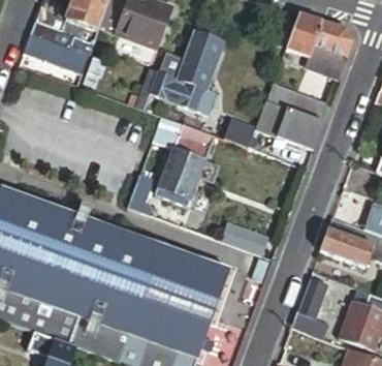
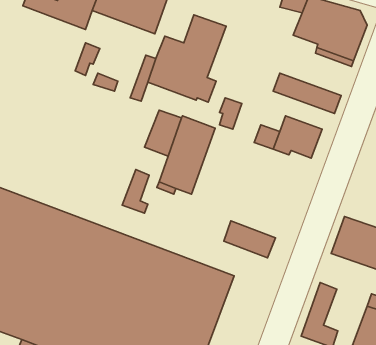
building: [25,23,93,73] -> none

